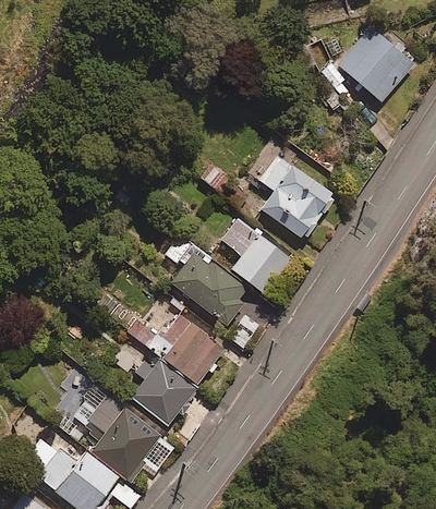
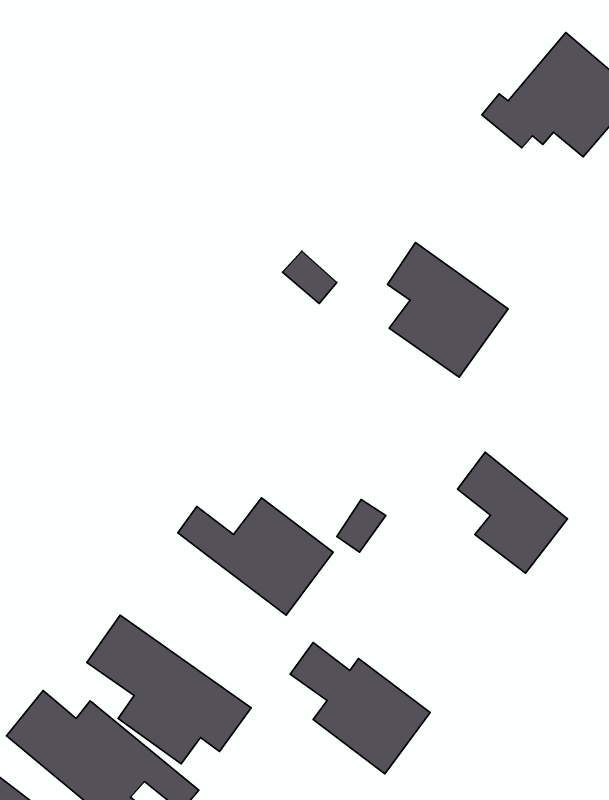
building: [221,217,290,292] -> [457,452,567,573]
building: [166,233,247,325] -> none
building: [109,343,196,425] -> [290,643,430,774]

